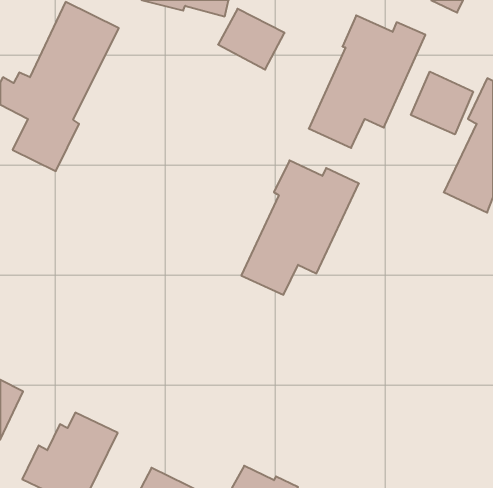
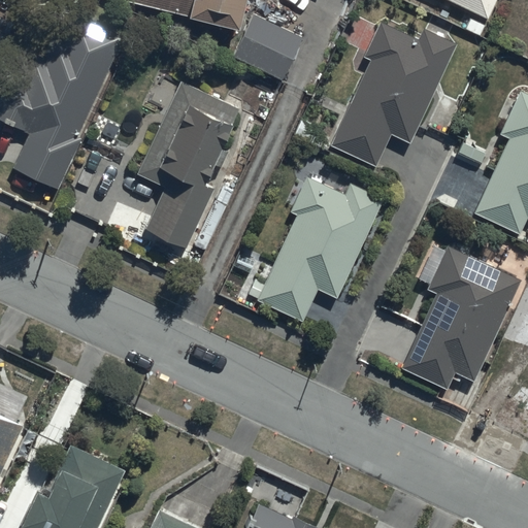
building: [411,72,473,134] -> none
building: none -> [136,88,238,253]
building: none -> [404,246,521,387]

